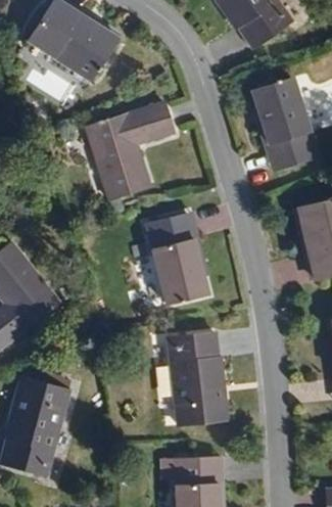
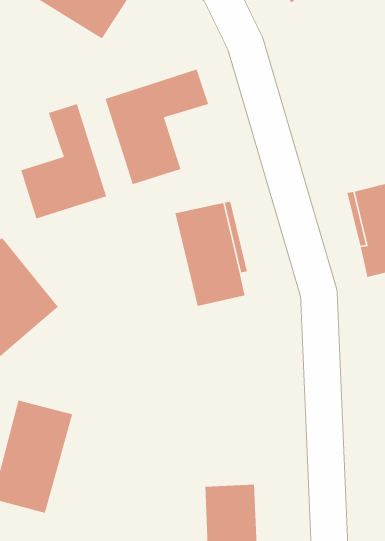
building: [249,72,322,172] -> none
building: none -> [20,103,107,219]
building: [159,334,218,427] -> none

